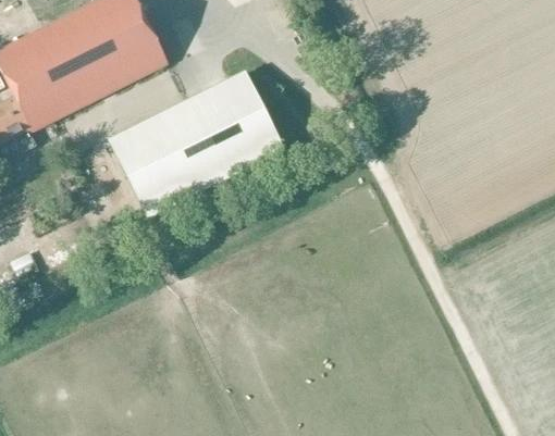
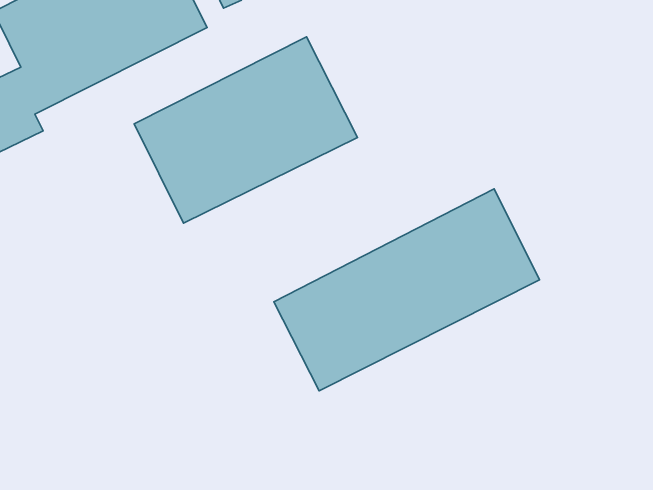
building: none -> [274,189,540,391]

